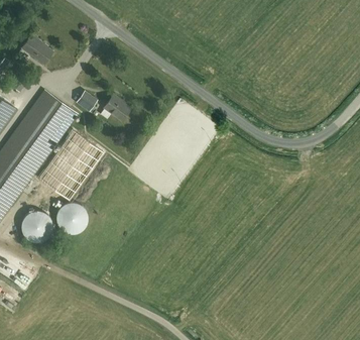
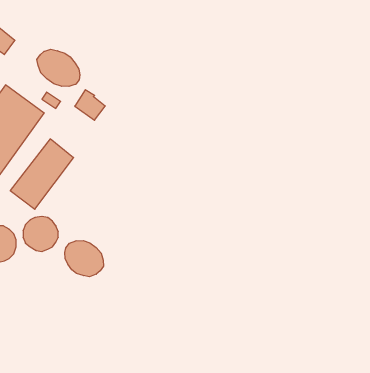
building: none -> [37,49,80,86]
building: none -> [65,241,104,277]

